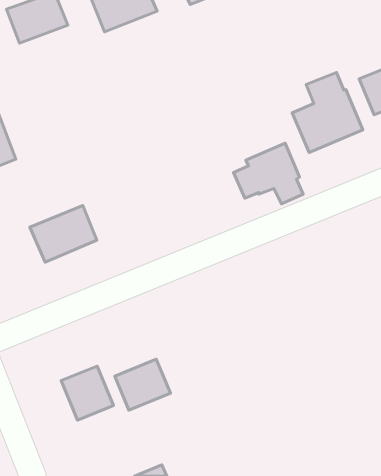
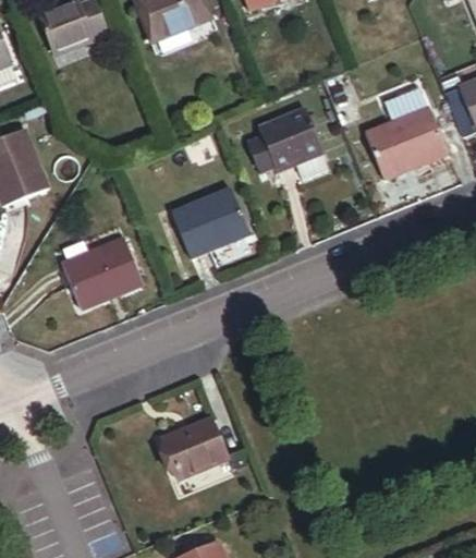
building: [233,143,303,204] -> [245,109,326,179]
building: none -> [172,189,249,256]
building: [61,366,113,420] -> none

